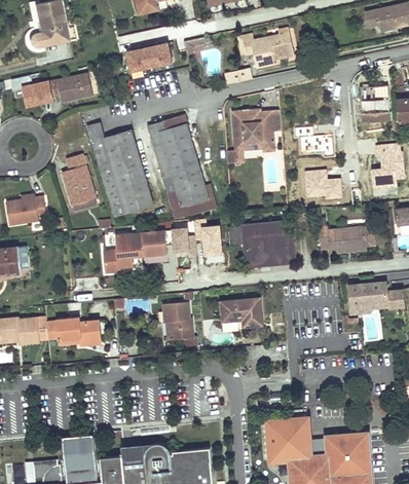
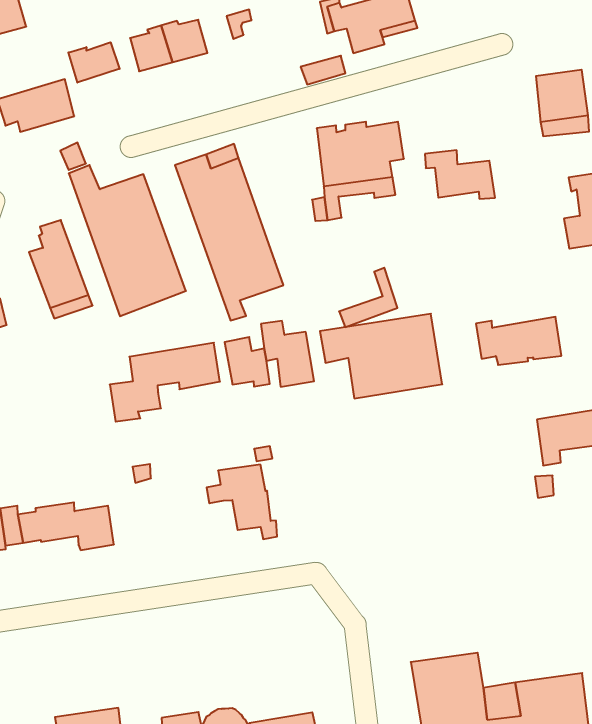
building: none -> [68,42,120,83]
building: [304,170,341,198] -> none
building: [182,183,216,216] -> [339,268,397,327]
building: [221,298,262,328] -> none

